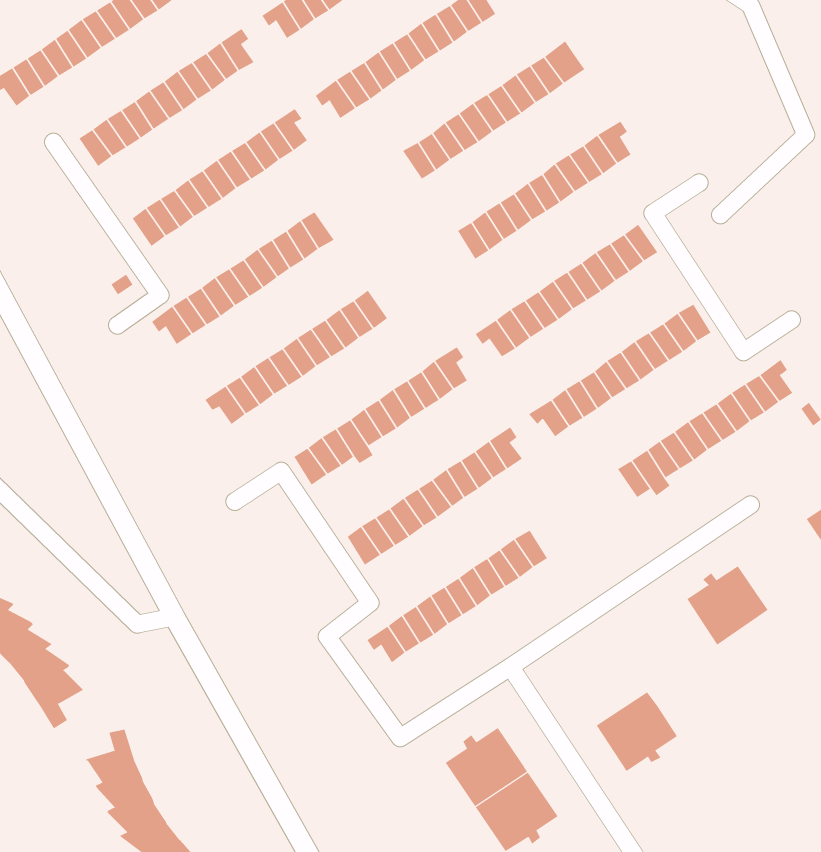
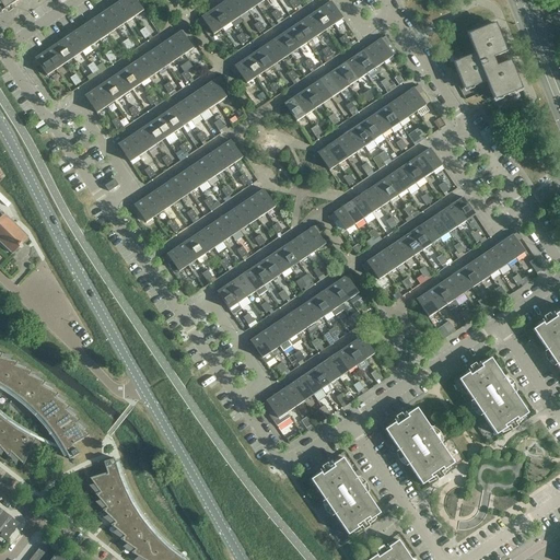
building: none -> [453,21,521,97]
building: none -> [477,384,527,433]
building: none -> [384,406,434,455]

